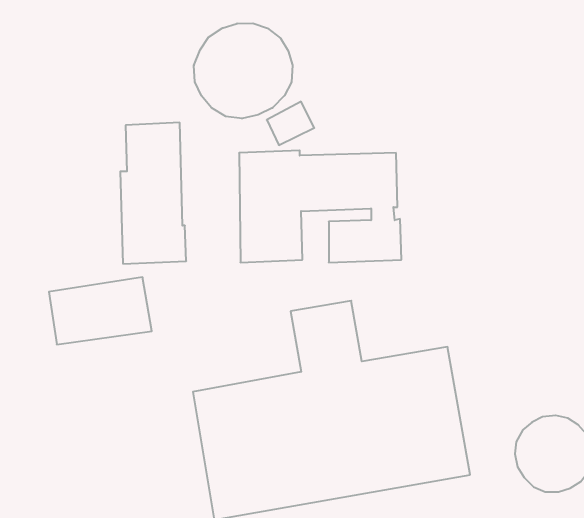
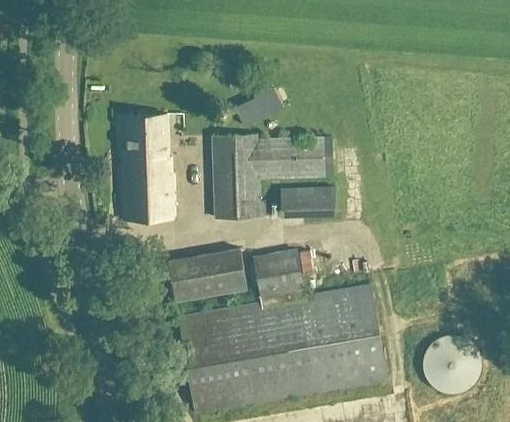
building: [194,23,293,119] -> none
building: [49,277,152,344] -> [169,250,247,301]

